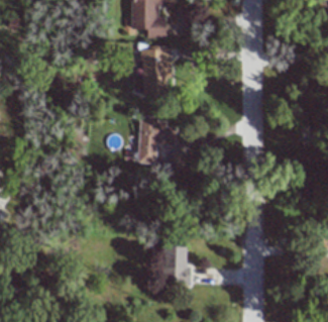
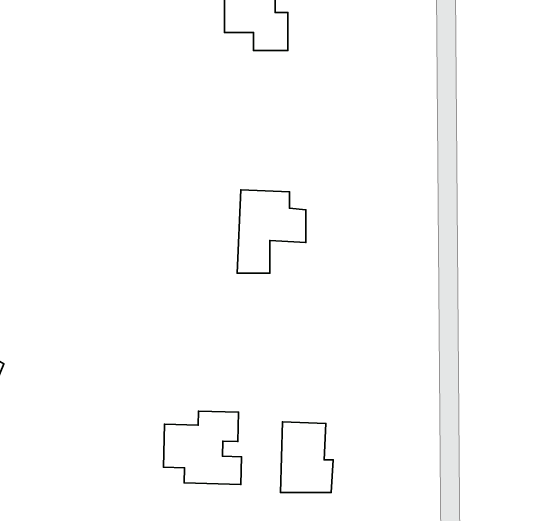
building: [143,47,173,96] -> none
building: none -> [163,411,242,484]

